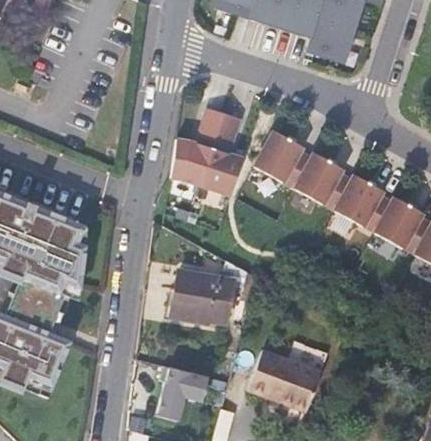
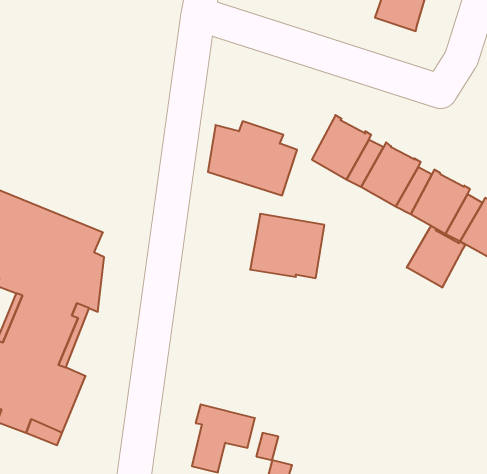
building: [198,108,239,146] -> none
building: none -> [407,226,465,288]
building: [172,271,232,323] -> [250,214,324,278]
building: [248,350,322,412] -> none

